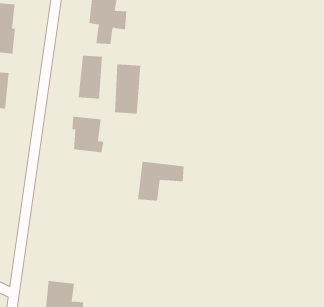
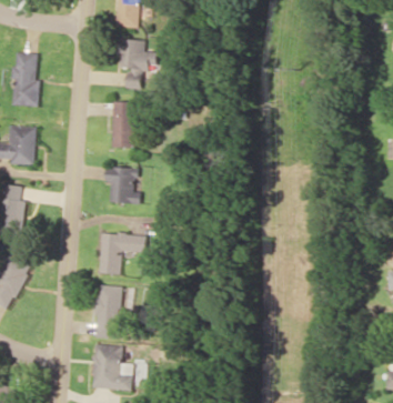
building: [114,63,141,114] -> none
building: [137,161,184,201] -> [99,233,147,274]
building: none -> [95,285,122,339]

